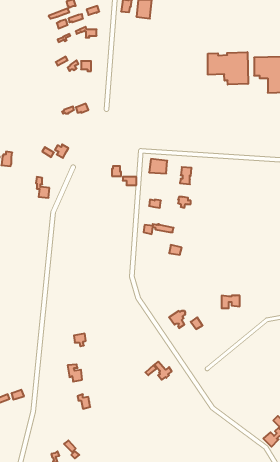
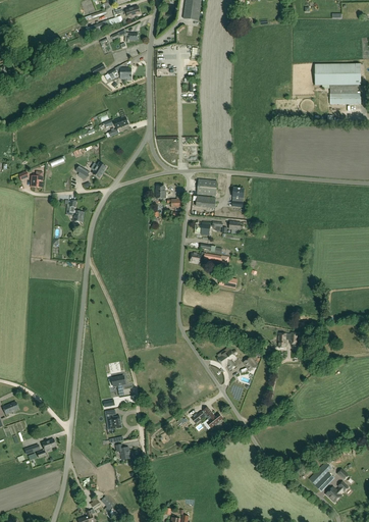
building: [208,52,248,85] -> none
building: none -> [309,462,333,491]

